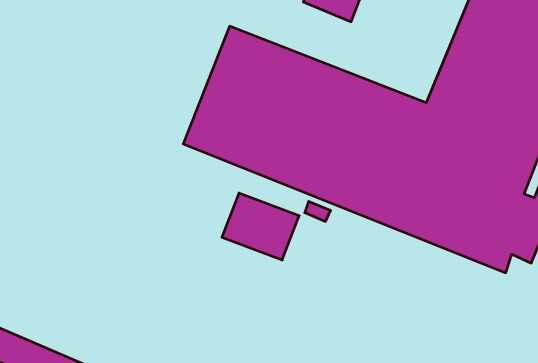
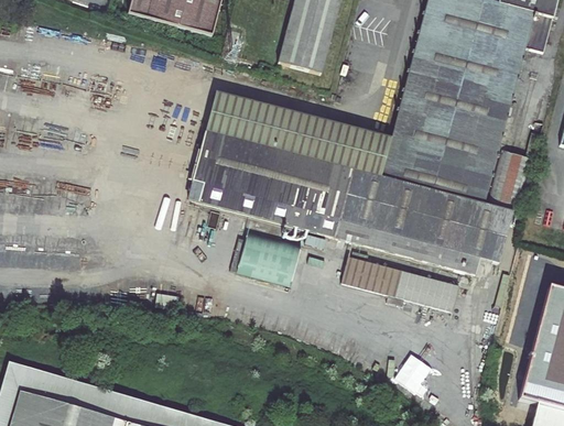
building: none -> [338,256,457,320]

